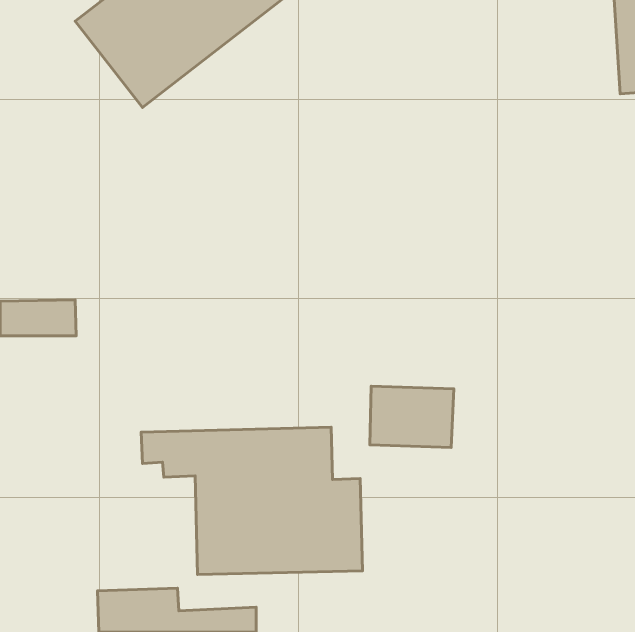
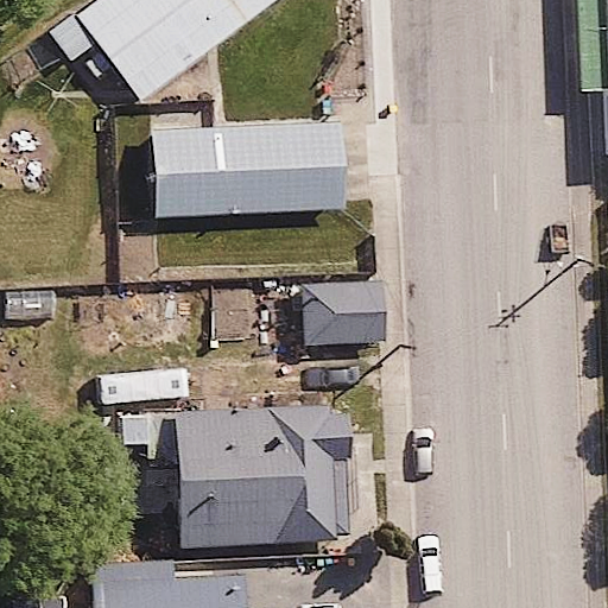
building: none -> [154,129,334,211]
building: [370,386,454,447] -> [311,279,391,337]

